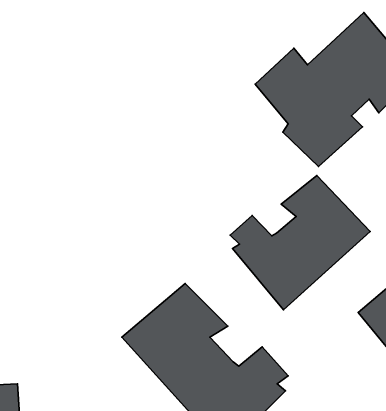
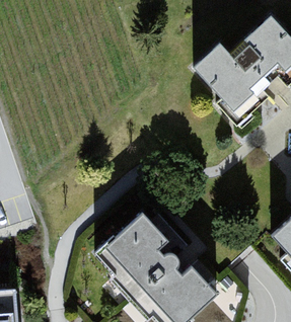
building: [230,176,370,310] -> none

